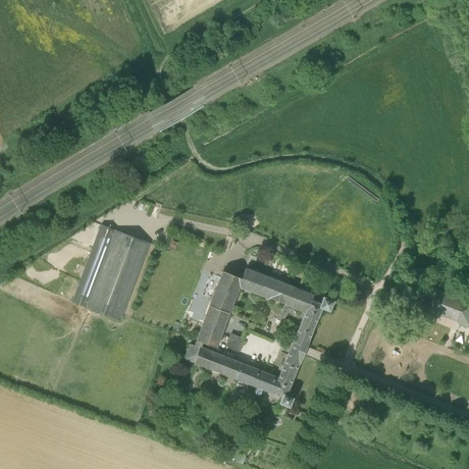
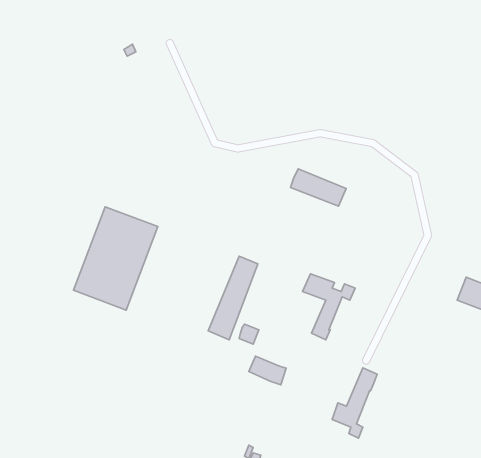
building: [240,268,292,303] -> [290,169,346,206]
building: [264,342,306,407] -> [332,368,377,438]
building: [185,343,241,377] -> none

